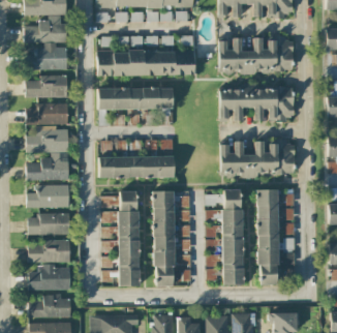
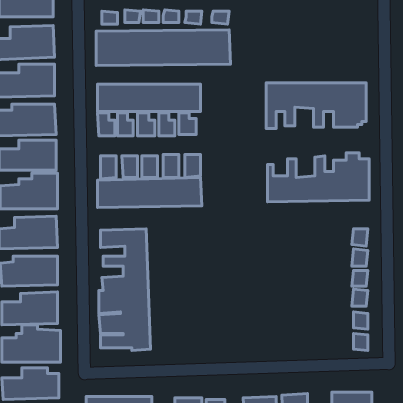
building: [217,36,293,73] -> none
building: [204,187,243,284] -> none
building: [255,189,277,284] -> none
building: [151,191,191,289] -> none

